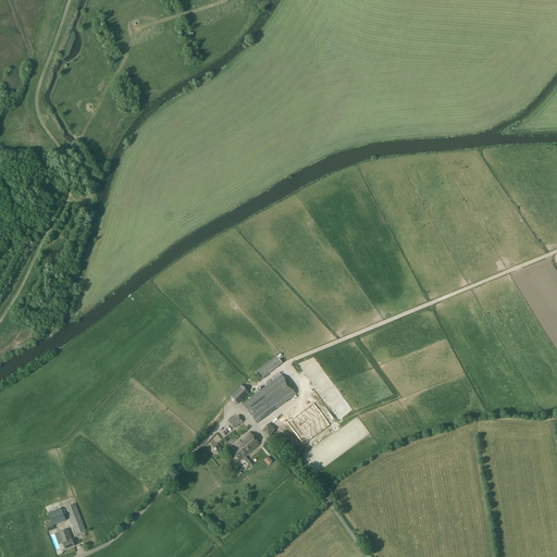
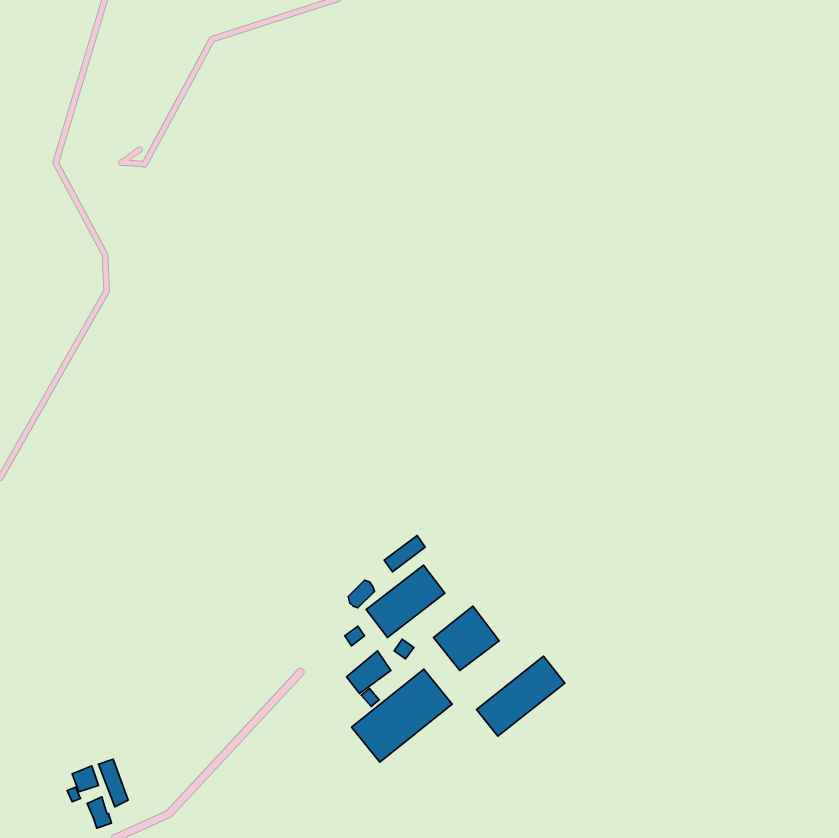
building: none -> [476,656,565,736]
building: none -> [351,669,452,762]

